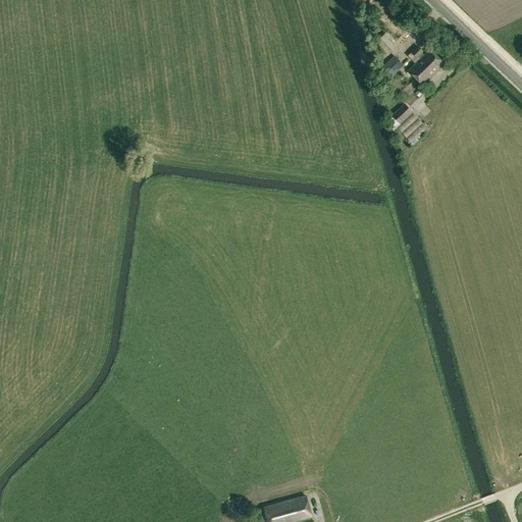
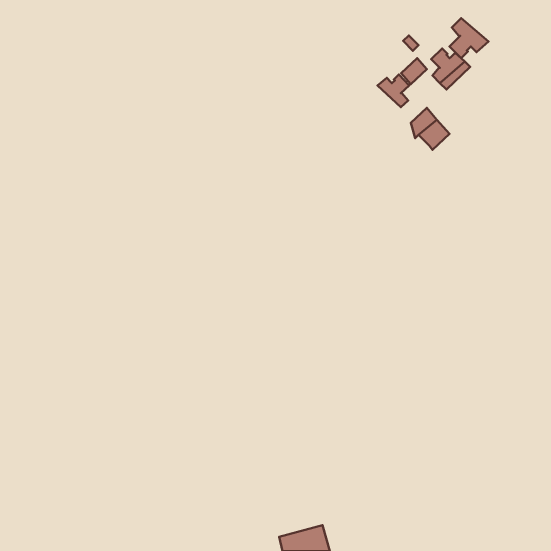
building: none -> [449,18,489,58]
building: none -> [378,75,409,107]

